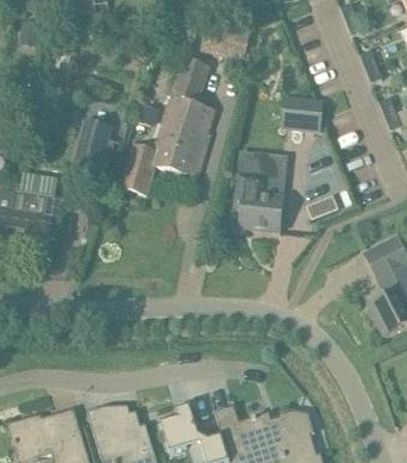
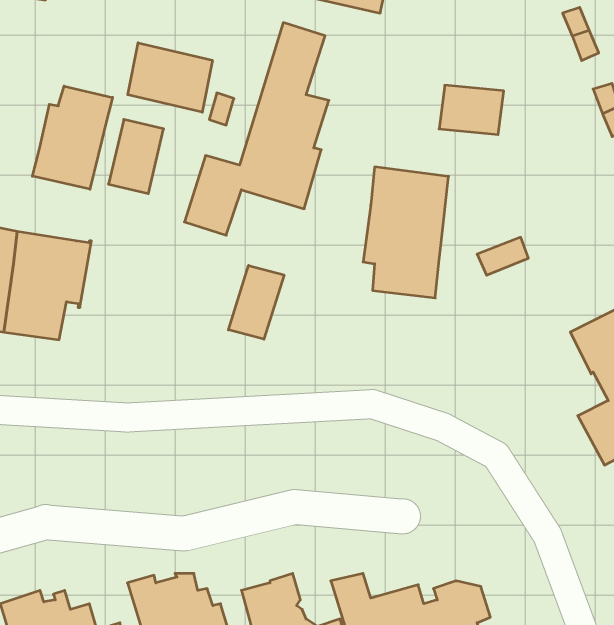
building: none -> [128,43,212,112]
building: none -> [32,86,113,189]
building: none -> [228,265,284,339]

